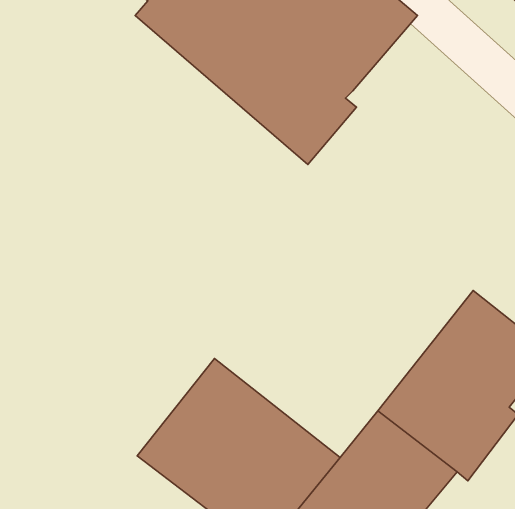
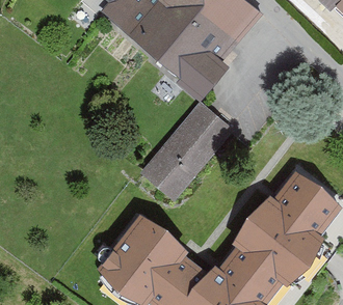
building: none -> [138,104,232,202]

